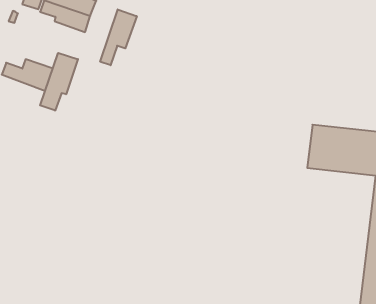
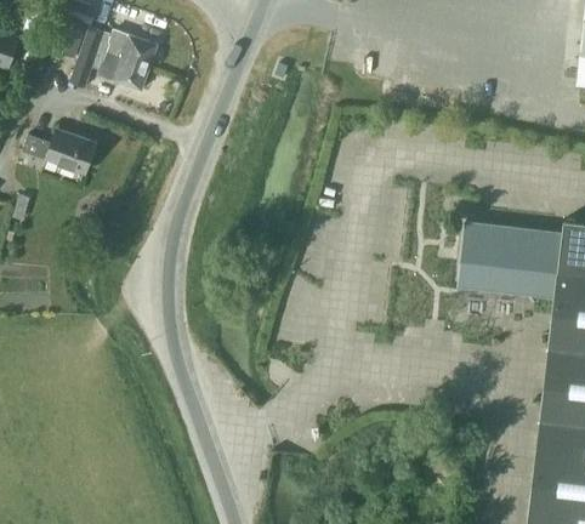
building: [100,9,137,65] -> none
building: [40,53,78,111] -> none

